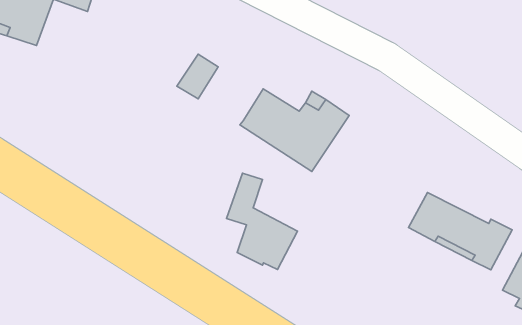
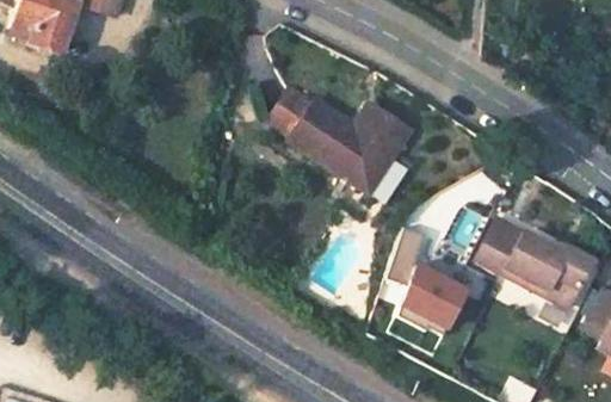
building: [177,54,218,99] -> [267,87,314,137]
building: [227,173,297,269] -> [387,223,467,332]

